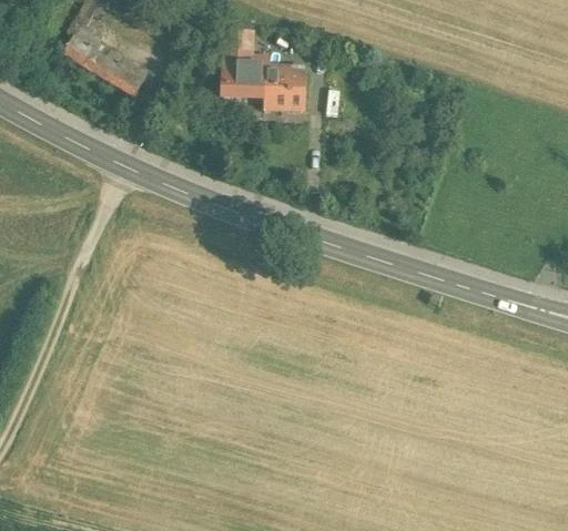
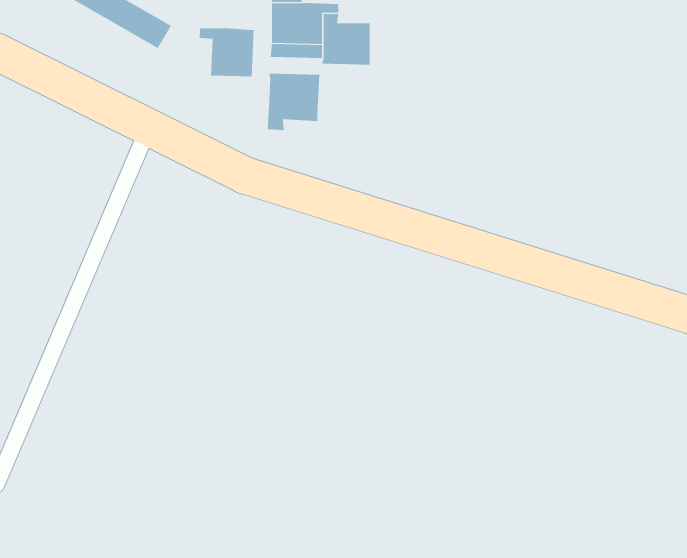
building: none -> [199,28,254,77]
building: none -> [267,73,320,131]

